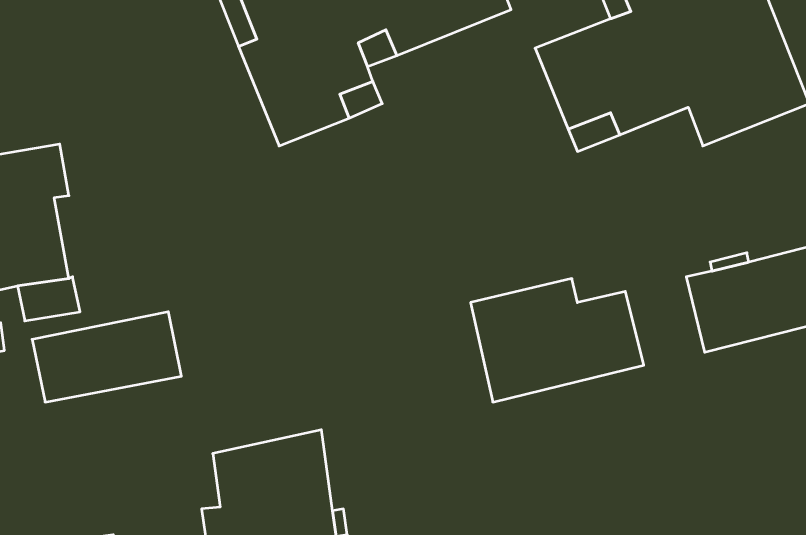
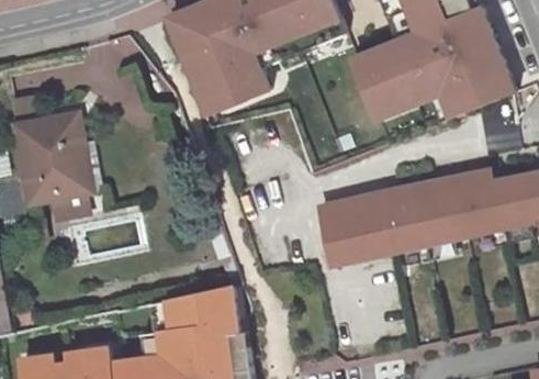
building: none -> [69,142,99,193]
building: none -> [409,192,457,245]

